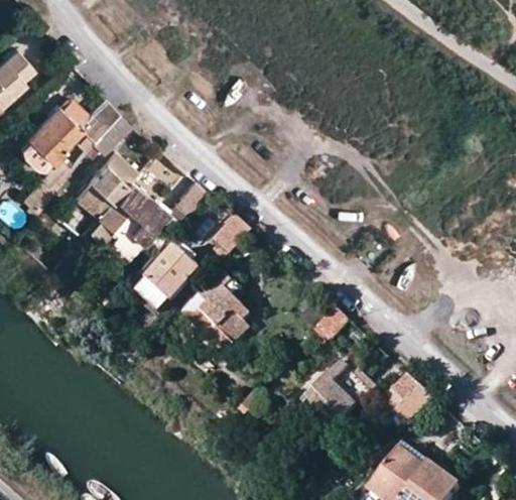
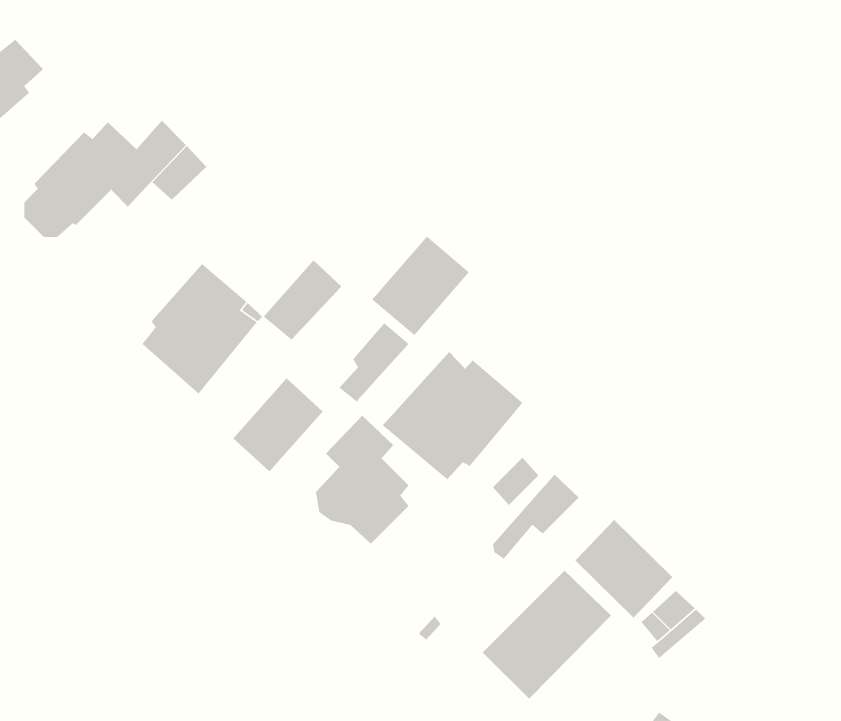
building: [75,149,136,215] -> none
building: none -> [371,236,470,336]
building: none -> [382,351,523,480]
building: none -> [574,519,673,618]

